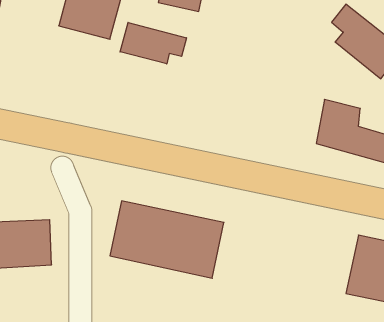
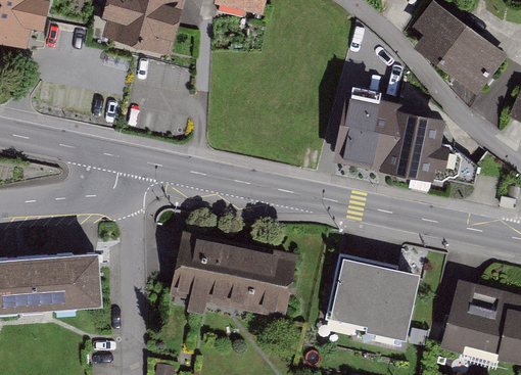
building: [120,22,186,64] -> none
building: none -> [342,95,412,172]
building: none -> [339,252,411,336]

